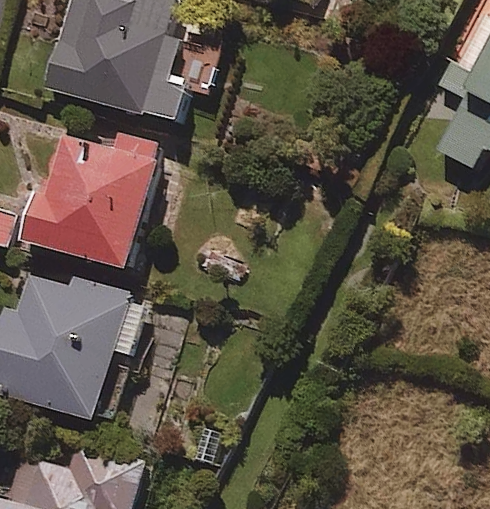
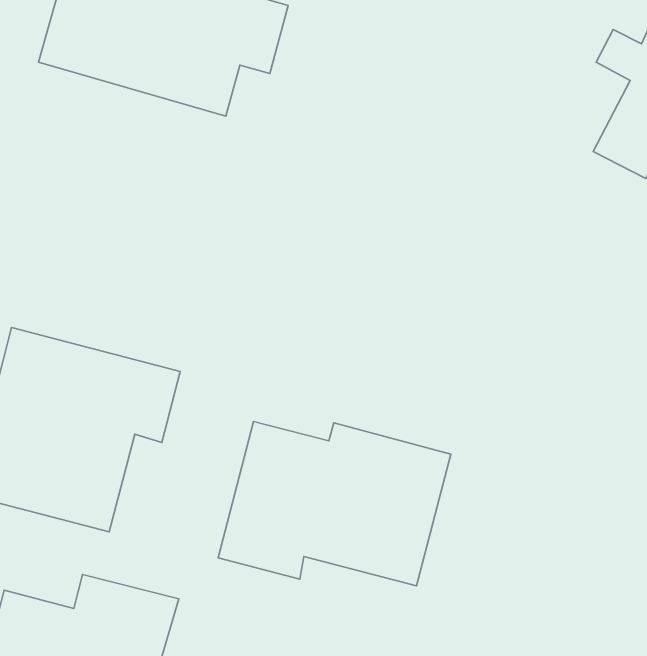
building: [21,133,157,266] -> none
building: none -> [218,421,451,586]

